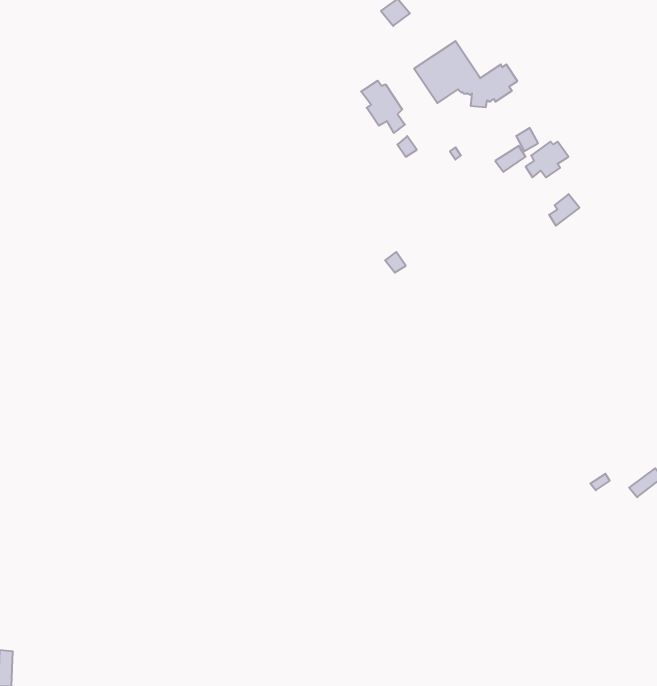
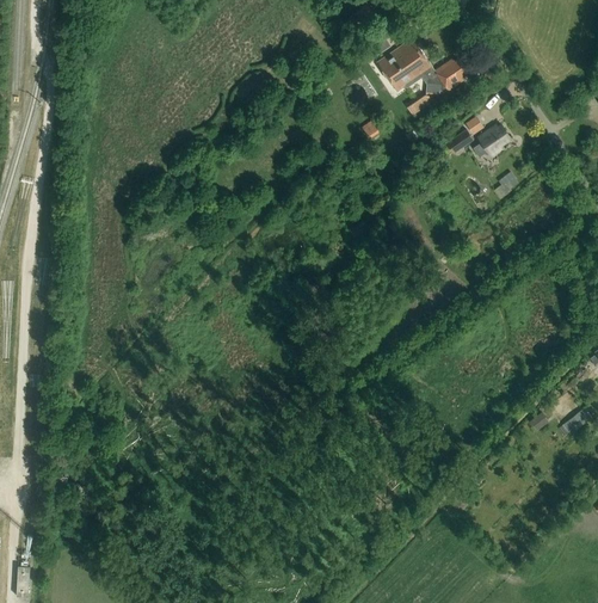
building: [361,81,405,133] -> none

